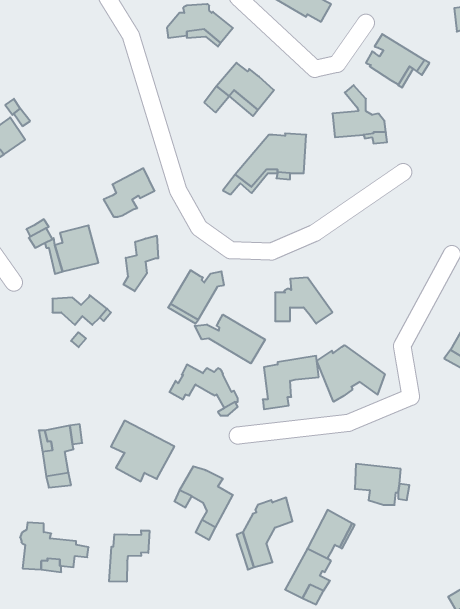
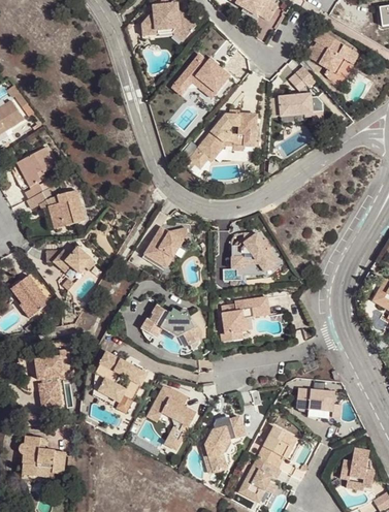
building: [104,168,155,217] -> [12,147,55,187]
building: [124,236,158,291] -> none
building: [195,315,265,363] -> none
building: none -> [10,275,48,317]
building: [317,345,385,402] -> none
building: [109,530,149,582] -> none
building: none -> [338,455,374,490]

